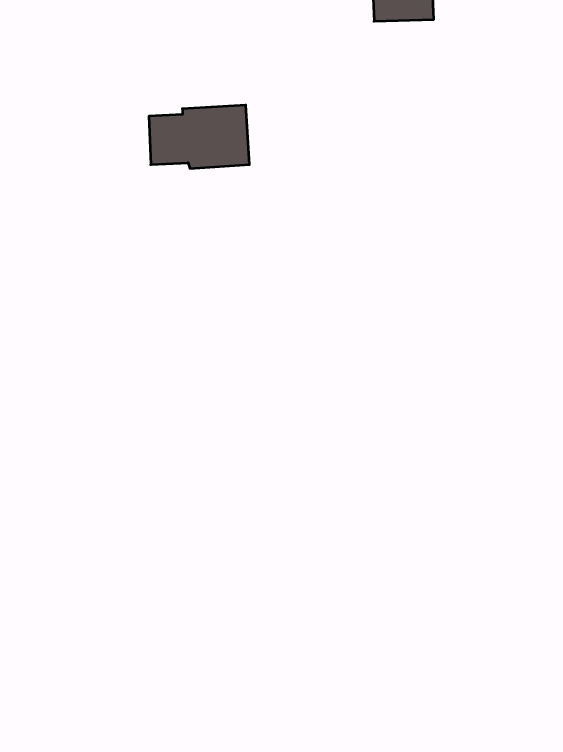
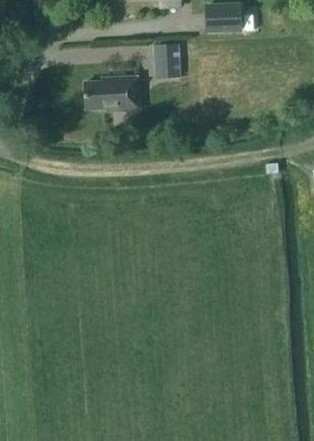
building: none -> [156,44,180,77]

